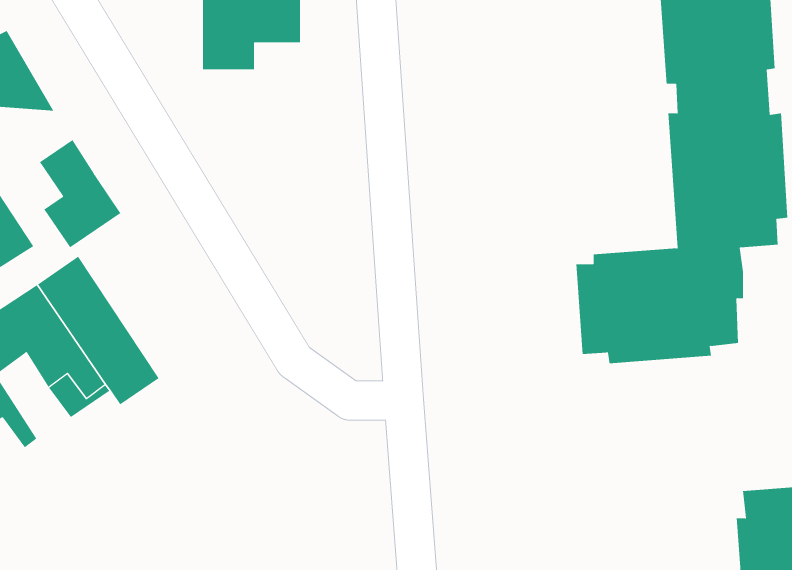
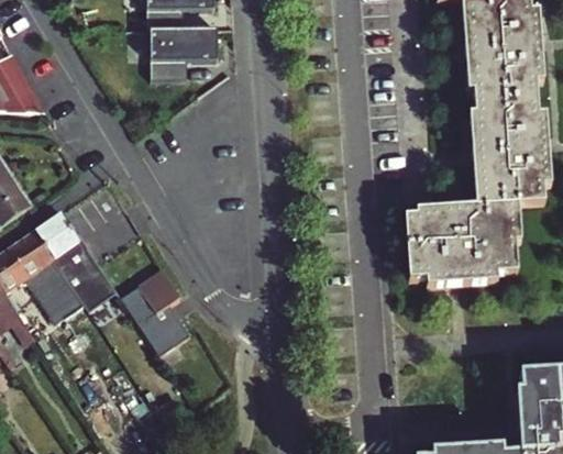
building: [39,139,121,248] -> none
building: none -> [120,268,188,353]

